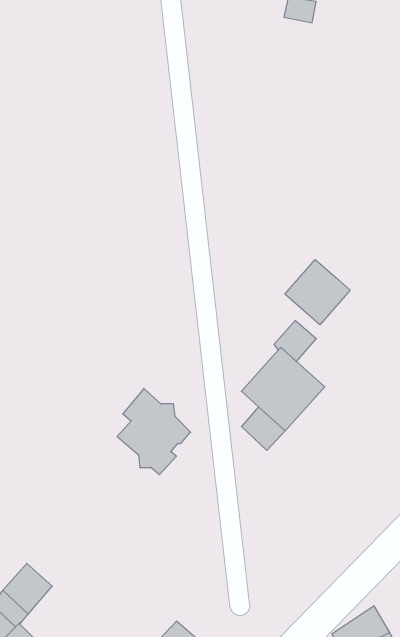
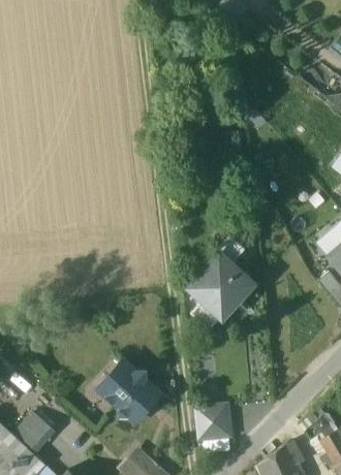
building: [285,260,350,325] -> none
building: [117,388,191,475] -> [103,359,157,422]
building: none -> [197,407,229,439]

